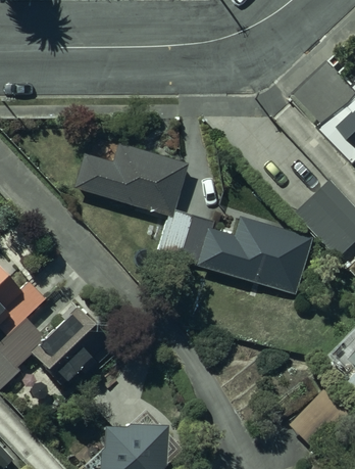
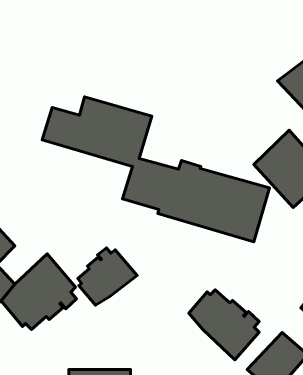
building: none -> [78,248,137,305]
building: none -> [189,290,259,360]

